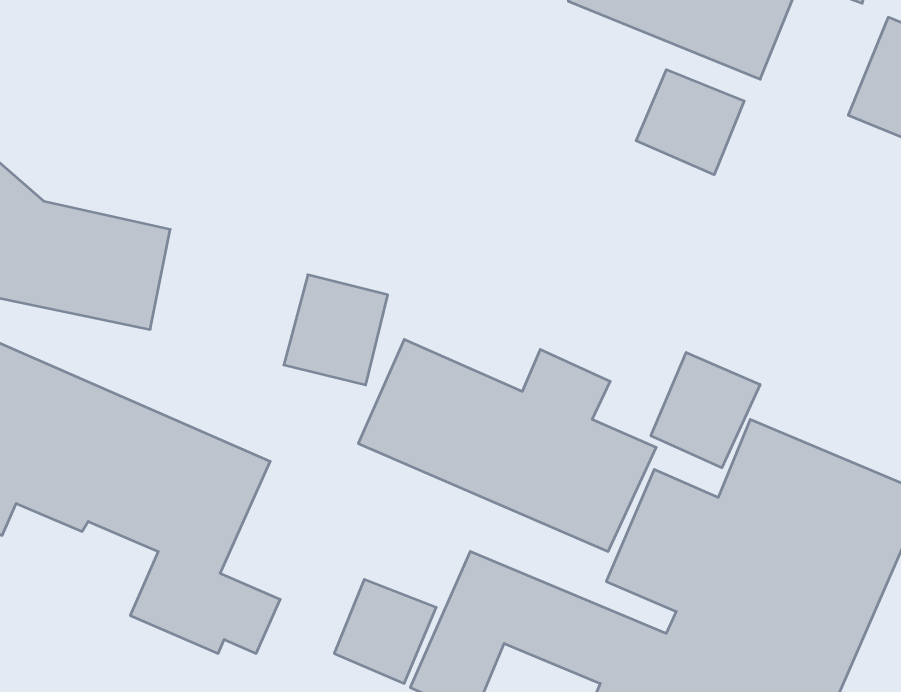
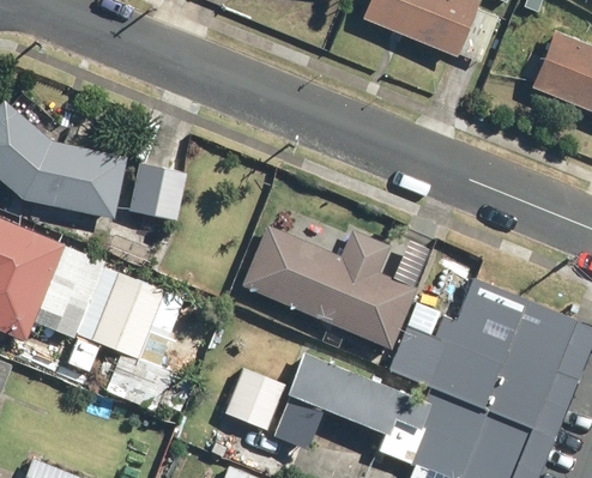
building: [636,70,744,175] -> none
building: [284,275,388,385] -> [127,161,189,226]
building: [651,352,760,468] -> none

